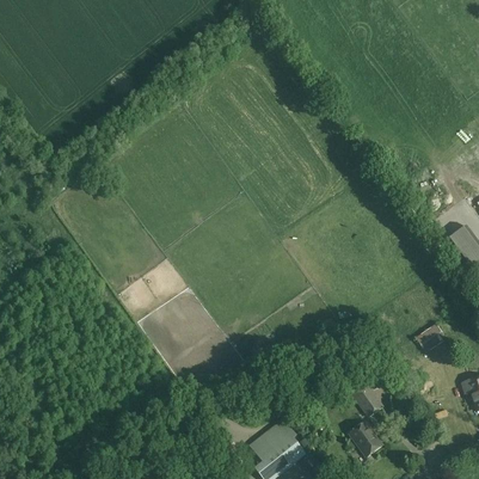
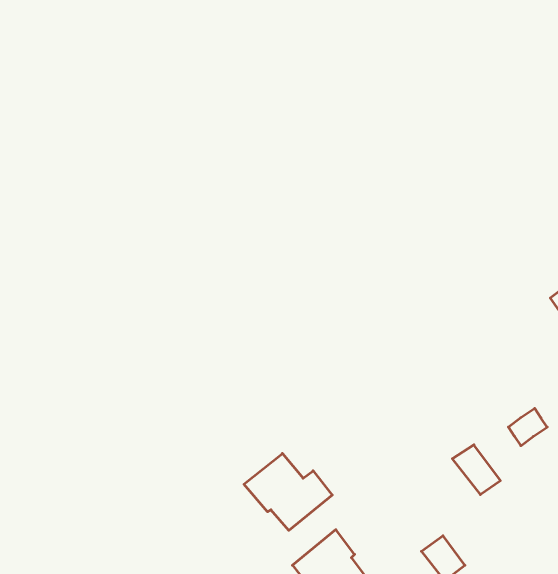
building: none -> [244,453,332,530]
building: [348,380,385,418] -> [452,445,500,495]

